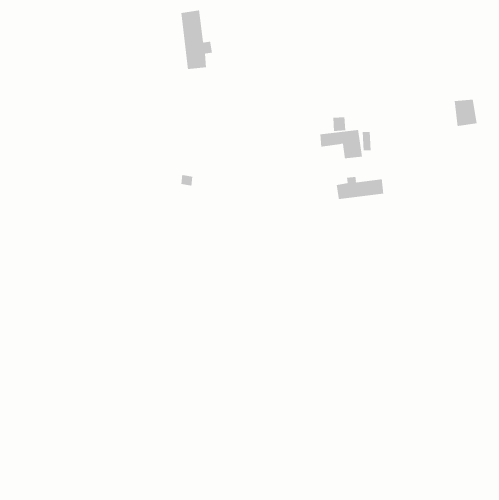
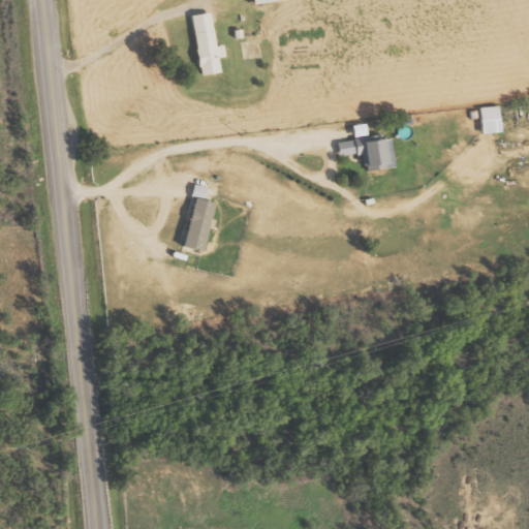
building: [336,176,384,200] -> none
building: none -> [182,197,216,251]

